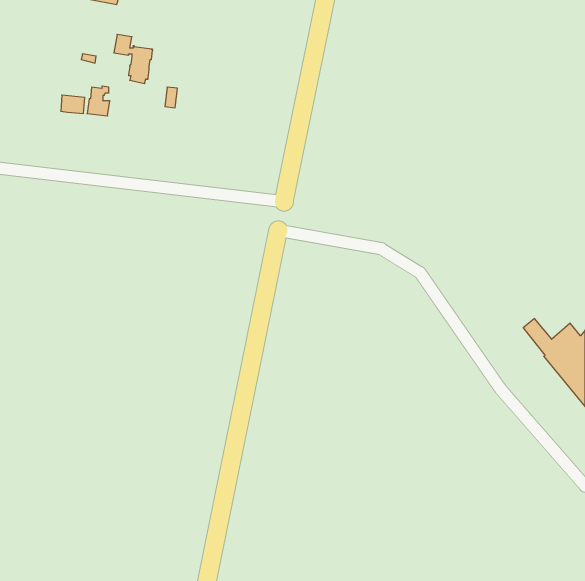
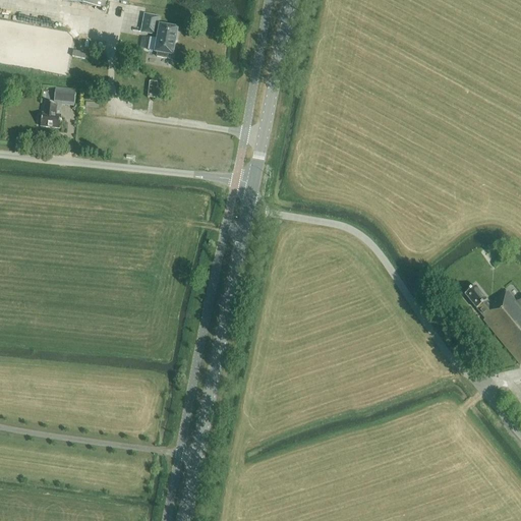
building: [114,34,153,84] -> [142,12,177,56]
building: [87,86,110,116] -> [41,99,61,125]

